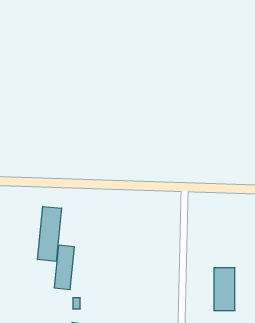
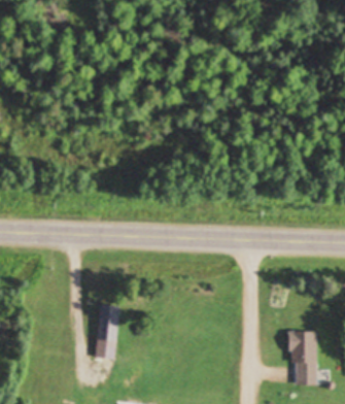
building: [38,206,62,261] -> none

